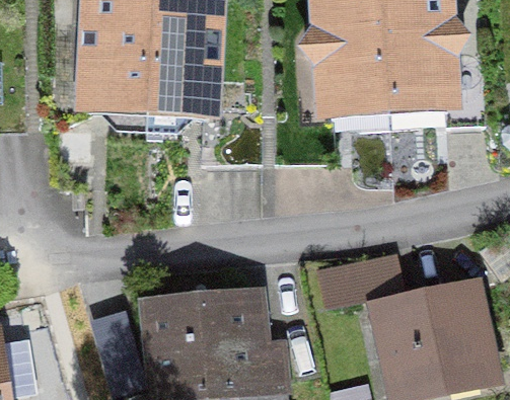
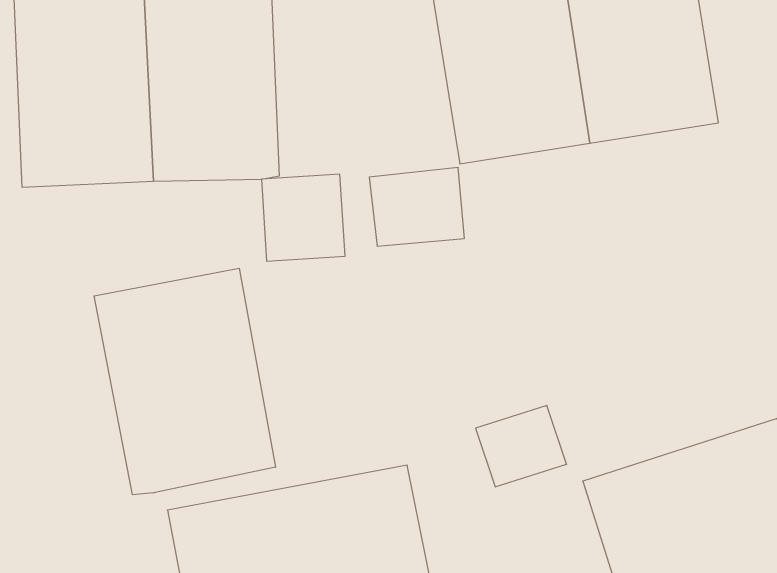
building: none -> [94,268,276,495]

